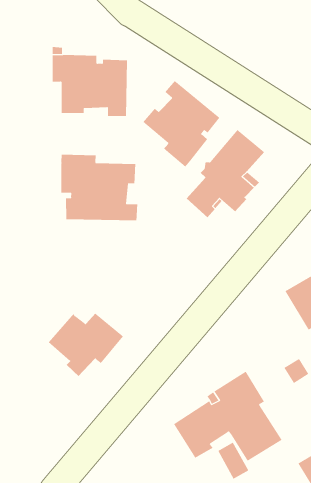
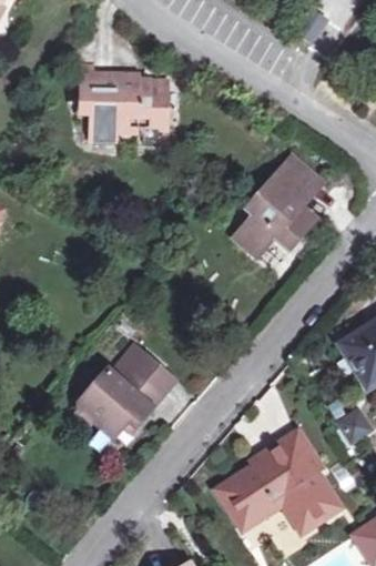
building: [143,80,220,167] -> none
building: [61,154,138,221] -> none
building: none -> [108,341,173,391]

